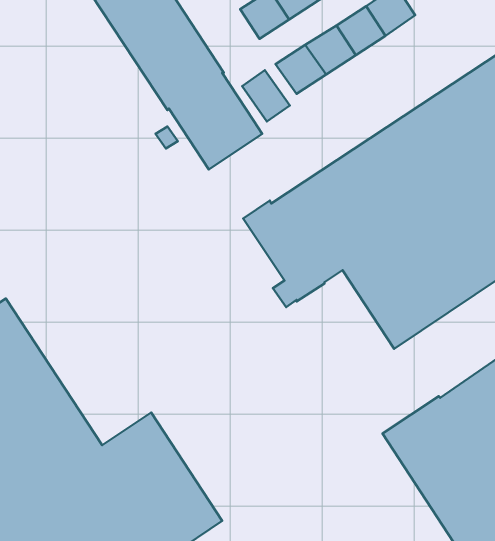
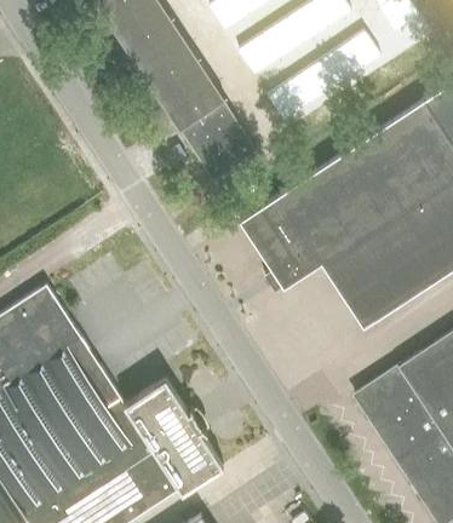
building: [242,70,290,122] -> none

